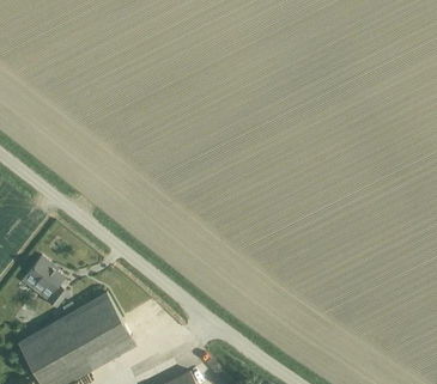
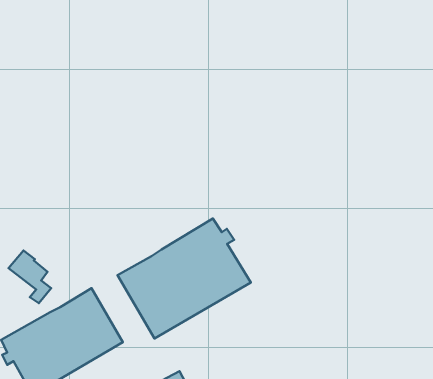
building: none -> [118,219,251,339]

